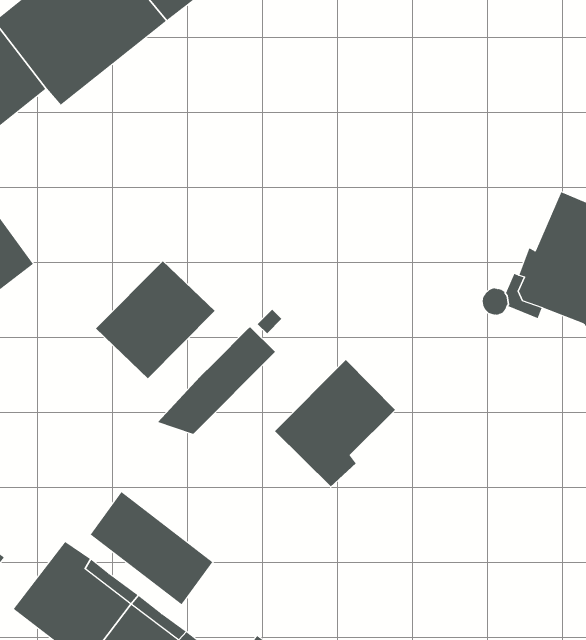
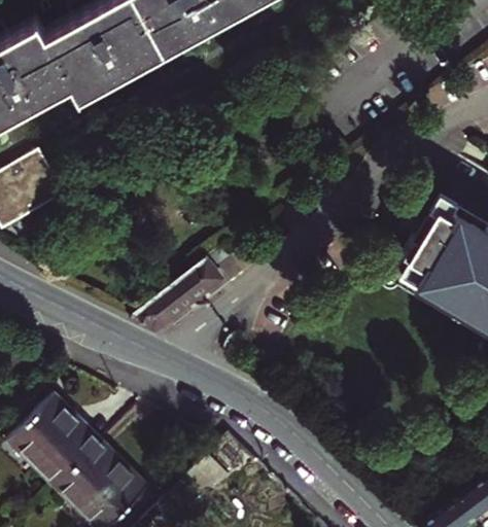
building: [95,260,216,379] -> none
building: [274,359,396,487] -> none
building: [90,491,213,605] -> none

